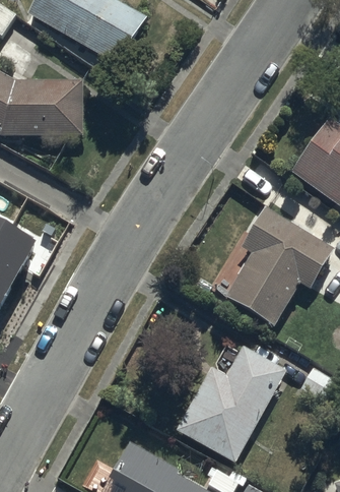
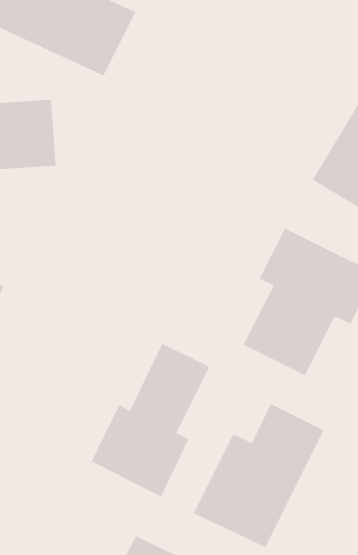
building: none -> [90,343,210,498]

